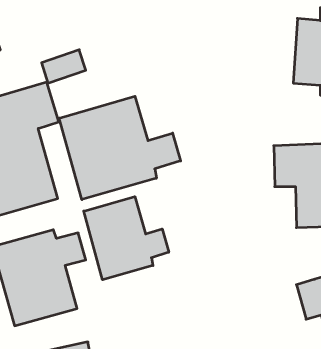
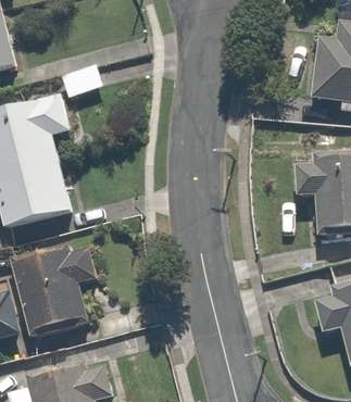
building: [59,96,181,200] -> none
building: [84,197,169,280] -> none

